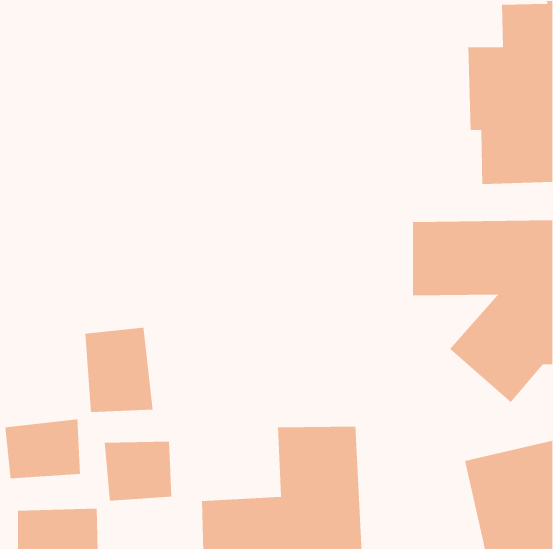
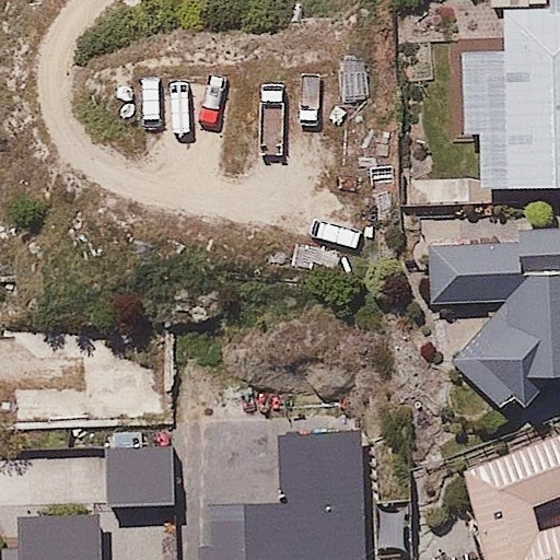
building: [85,327,154,413] -> none
building: [4,419,81,479] -> none

